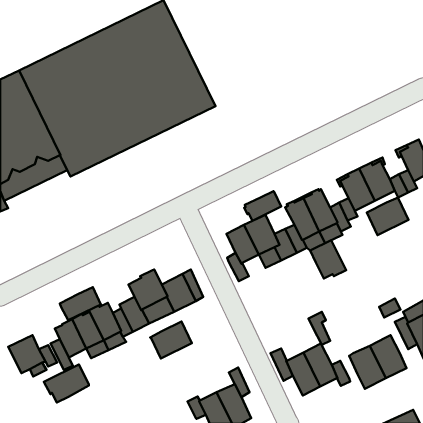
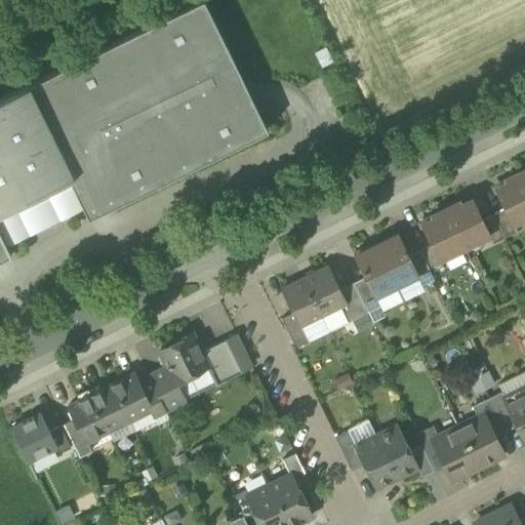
building: [244,191,281,221] -> none
building: [367,197,409,235] -> none
building: [310,240,346,278] -> none
building: [60,287,101,320] -> none
building: [309,312,330,345] -> [416,428,443,469]
building: [150,321,192,358] -> none
building: none -> [473,399,506,438]
building: [44,364,89,403] -> none

